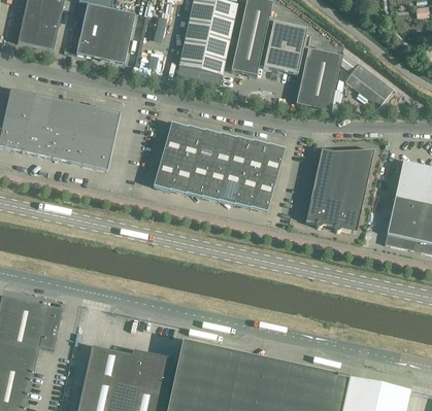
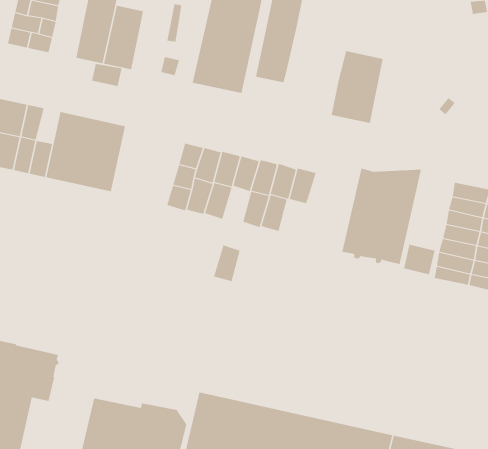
building: [259,21,308,73] -> none
building: [341,52,392,105] -> none
building: none -> [92,63,122,87]
building: [42,97,63,128] -> none
building: [203,164,227,196] -> [213,245,240,282]
building: [252,175,275,207] -> none
building: none -> [403,244,435,275]

